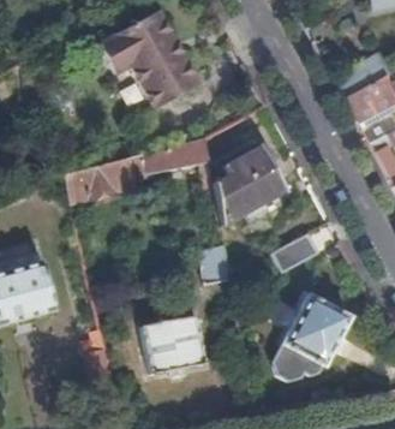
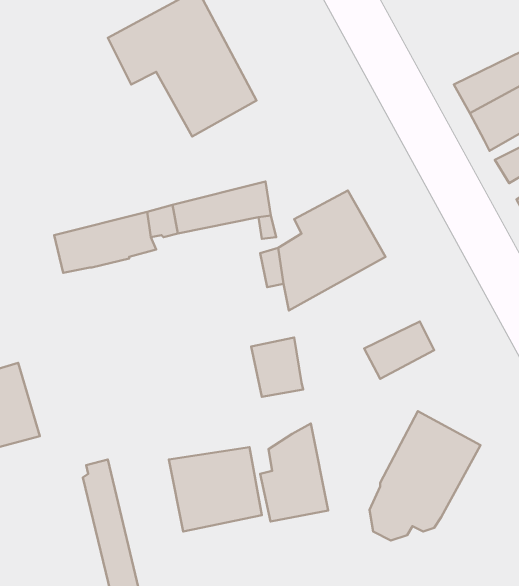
building: none -> [260,423,328,522]

